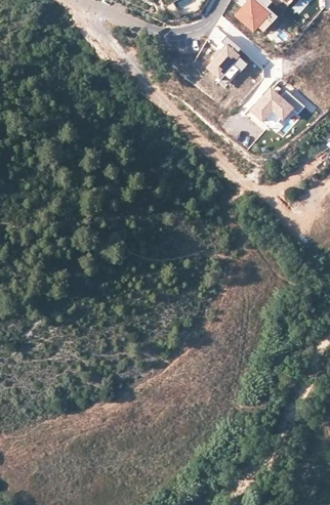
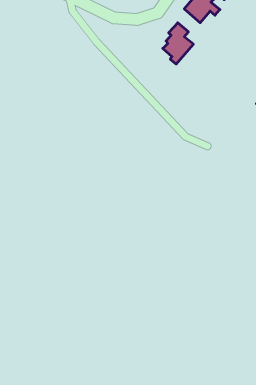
building: [251,88,303,120] -> none

